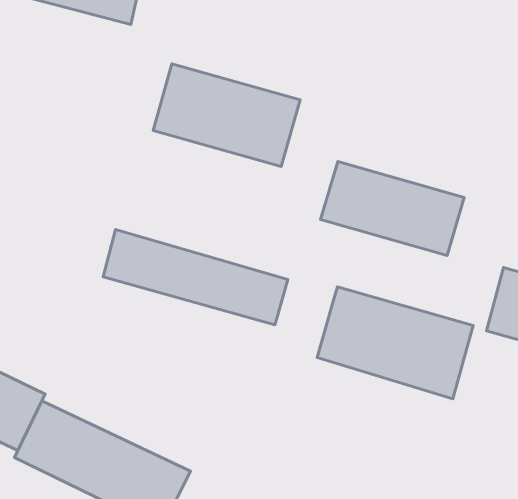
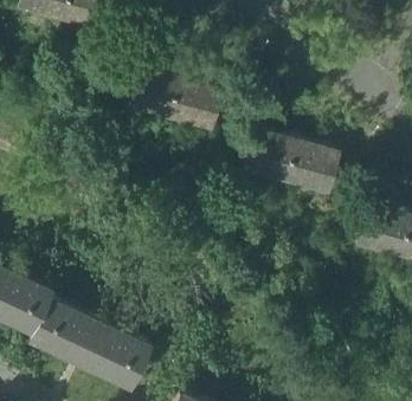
building: [103,230,288,325] -> none
building: [317,287,473,399] -> none

